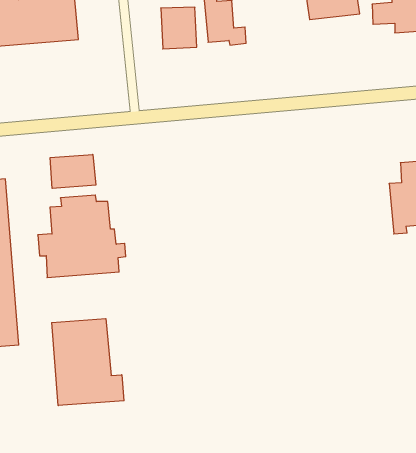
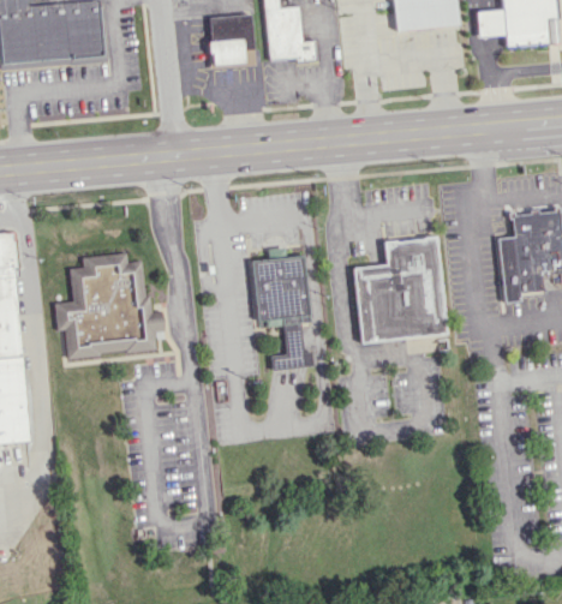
building: [50,154,96,188] -> none
building: none -> [354,237,446,342]
building: none -> [251,247,313,370]
building: [52,319,124,406] -> none

